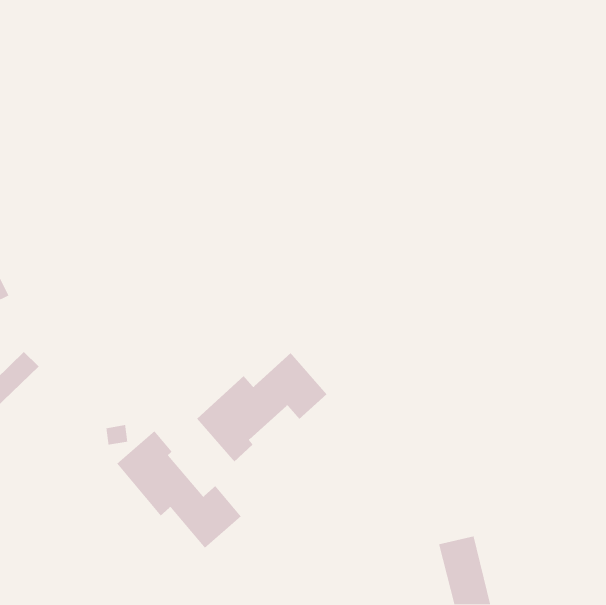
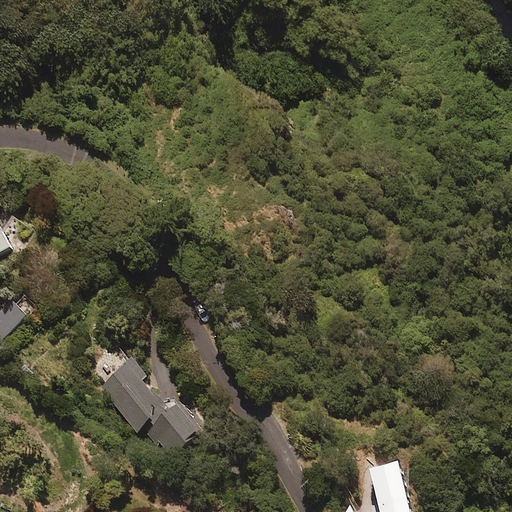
building: [196,352,328,462] -> none

